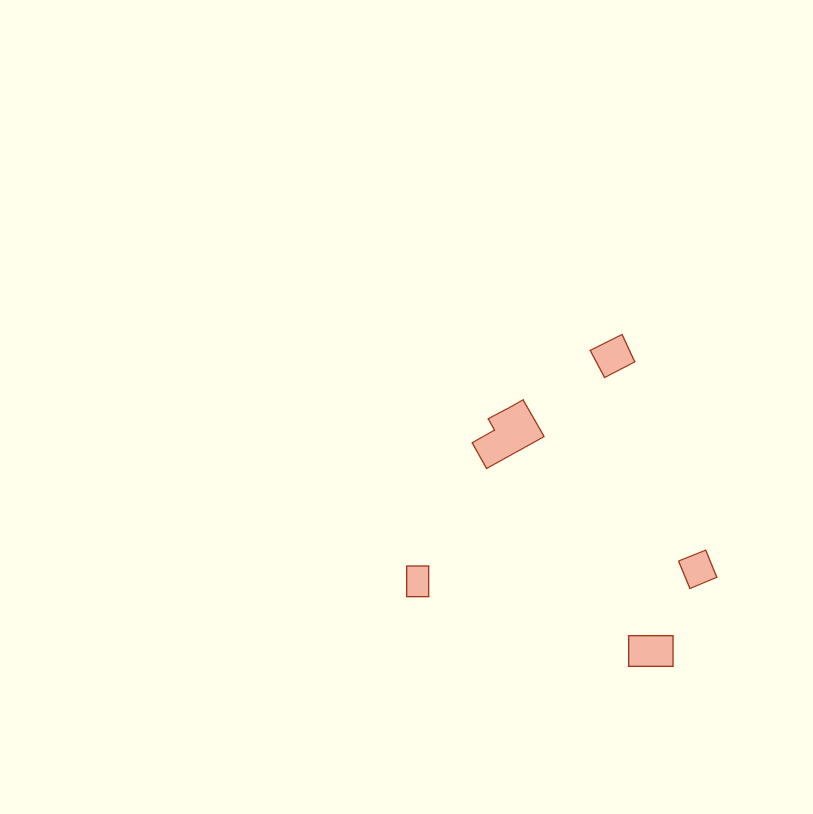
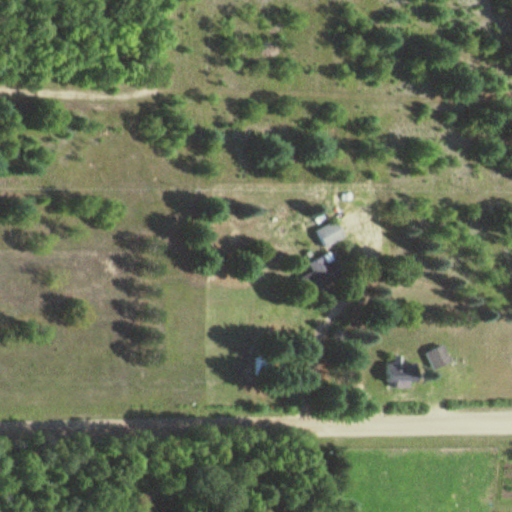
building: [590,334,635,378] -> [316,220,344,247]
building: [628,636,673,666] -> [388,363,416,382]

